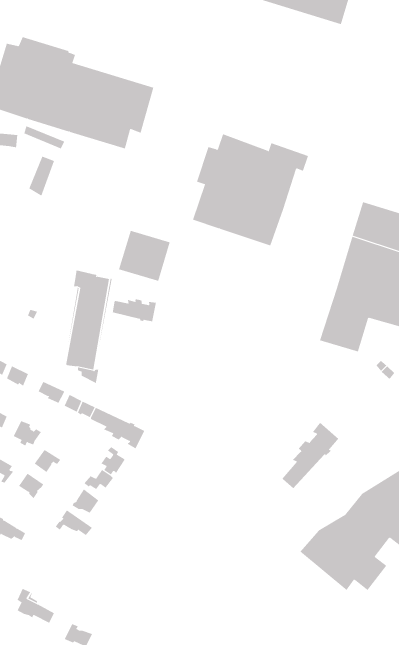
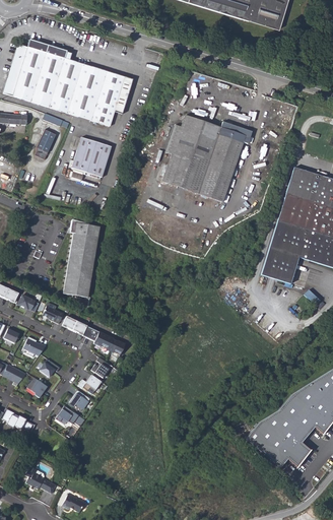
building: [118,230,171,281] -> [71,137,112,177]
building: [112,298,156,322] -> none
building: [282,422,339,489] -> none

